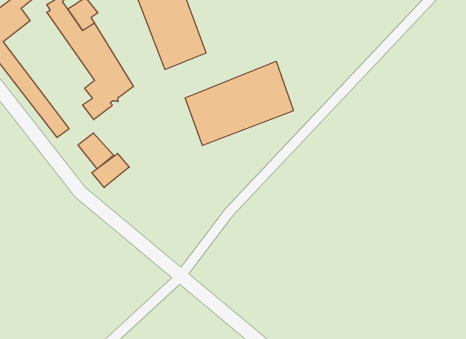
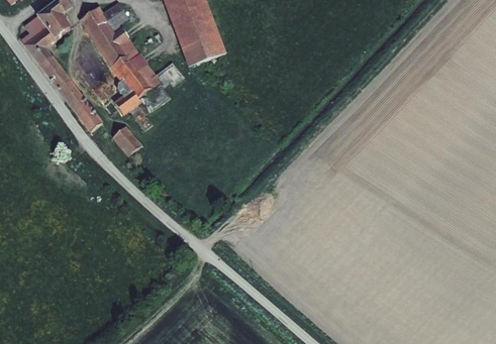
building: [185,61,293,146] -> none
building: [92,153,129,188] -> none

